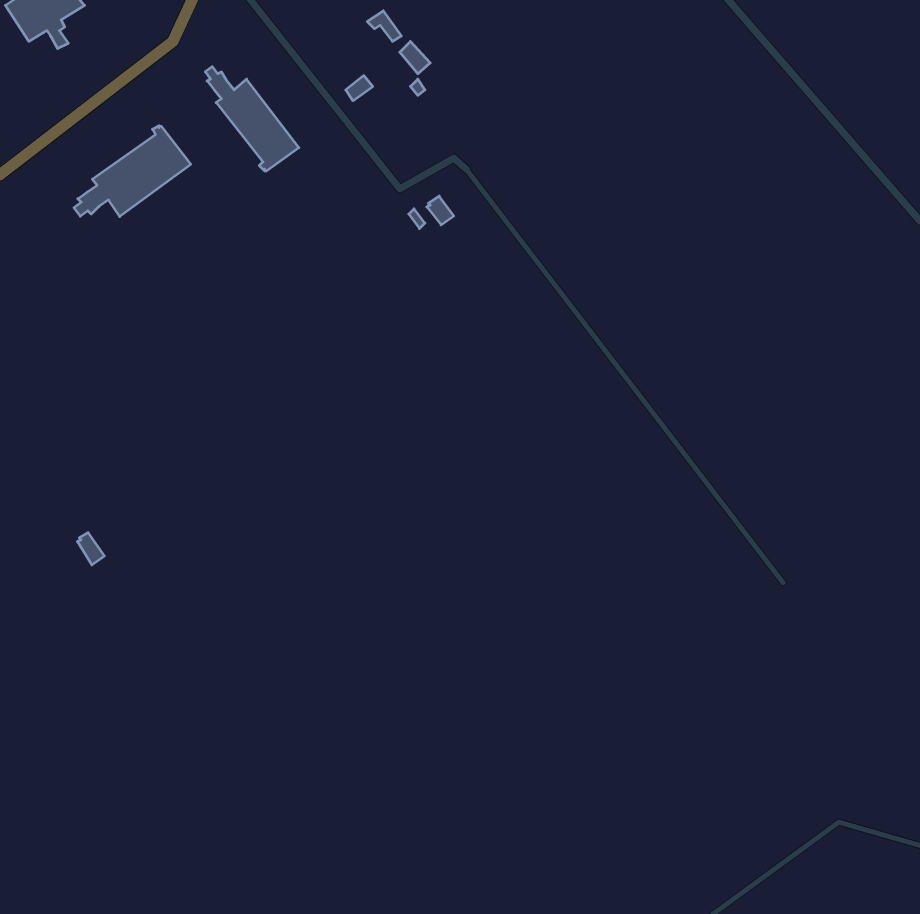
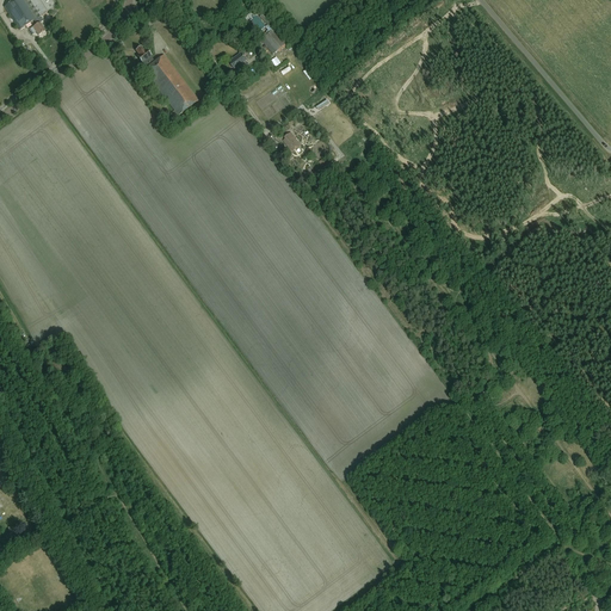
building: [74,126,191,217] -> none

